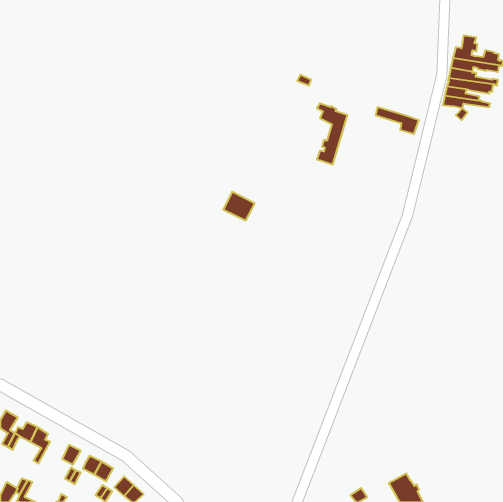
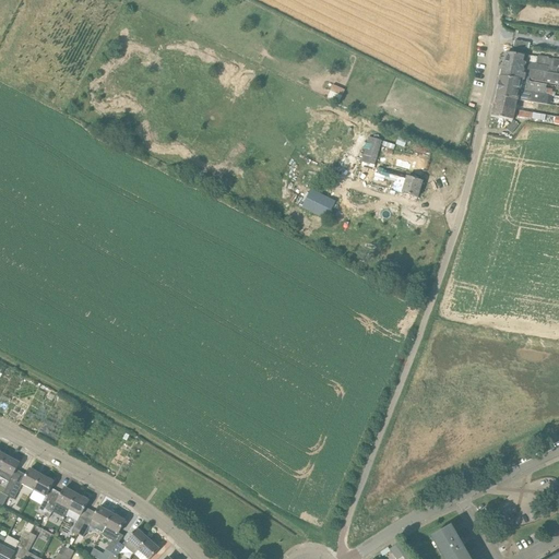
building: [376,107,419,134] -> [374,167,423,197]
building: [223,192,255,220] -> [301,188,336,219]
building: none -> [43,487,76,518]

